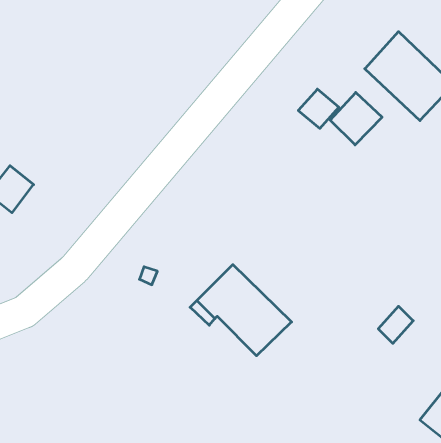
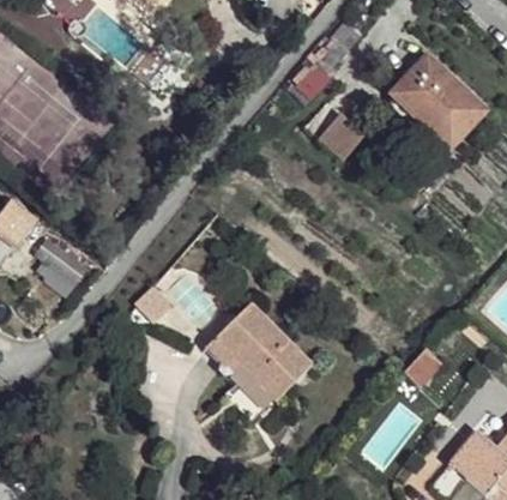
building: [330,92,382,145] -> none
building: none -> [36,237,85,294]

